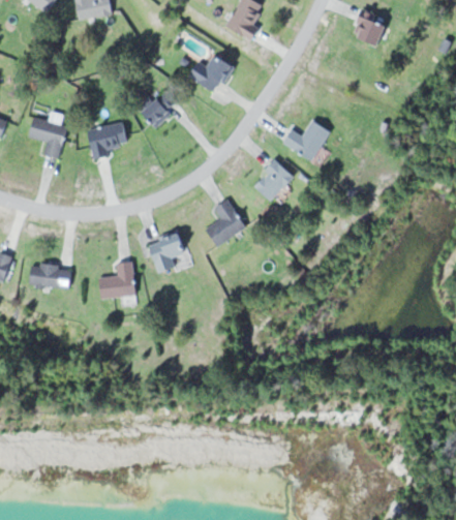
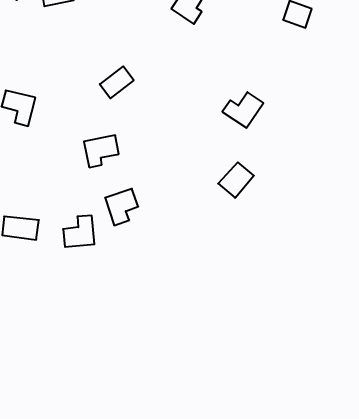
building: [188,54,234,93] -> none
building: [87,122,127,159] -> [84,135,119,167]
building: [252,160,294,202] -> [218,162,254,198]
building: [205,200,246,247] -> none

